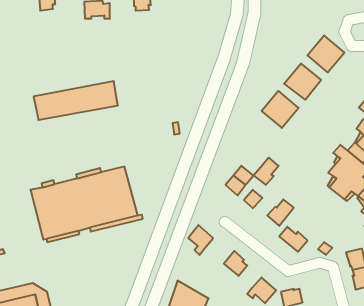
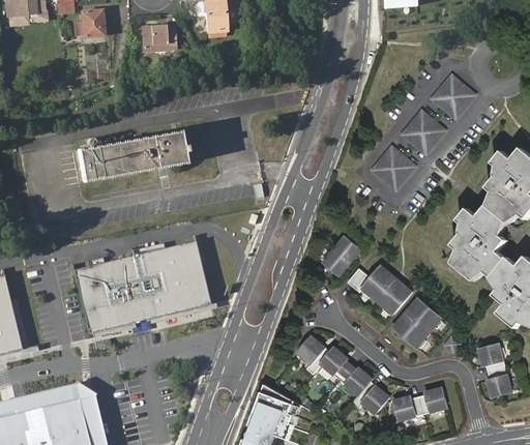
building: [254,158,279,185] -> [362,267,394,302]
building: none -> [408,299,442,334]
building: [188,225,213,255] -> [299,336,331,375]
building: none -> [341,366,373,395]
building: none -> [419,388,447,414]

